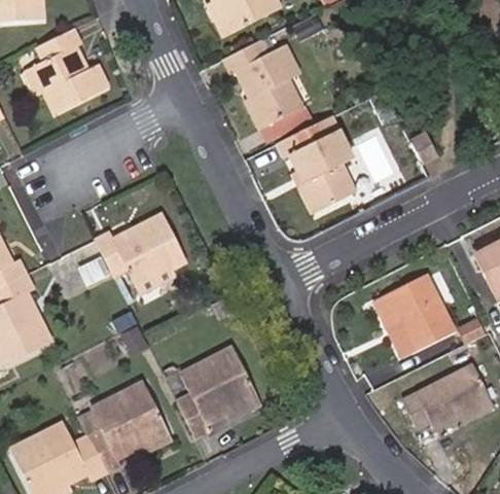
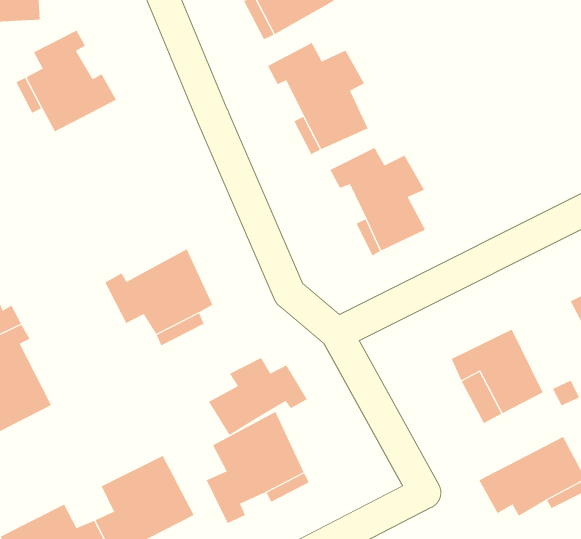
building: none -> [208,357,307,436]

